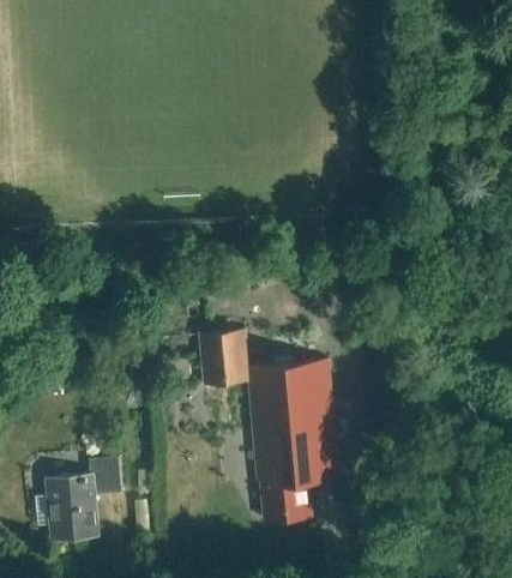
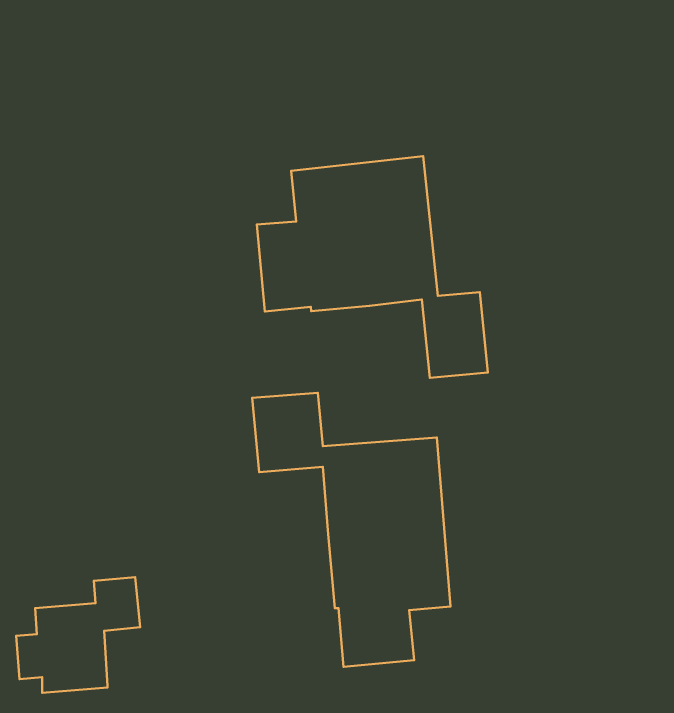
building: none -> [257,156,488,378]

